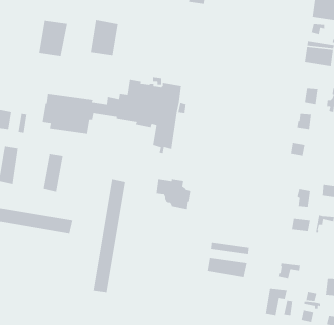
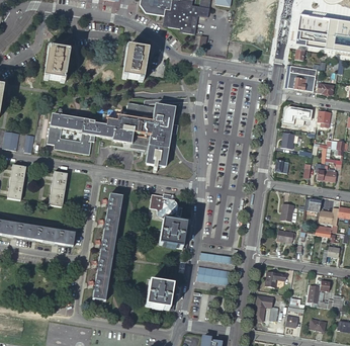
building: [90,19,119,56] -> [123,47,150,81]
building: none -> [161,221,187,249]
building: none -> [148,281,175,310]

